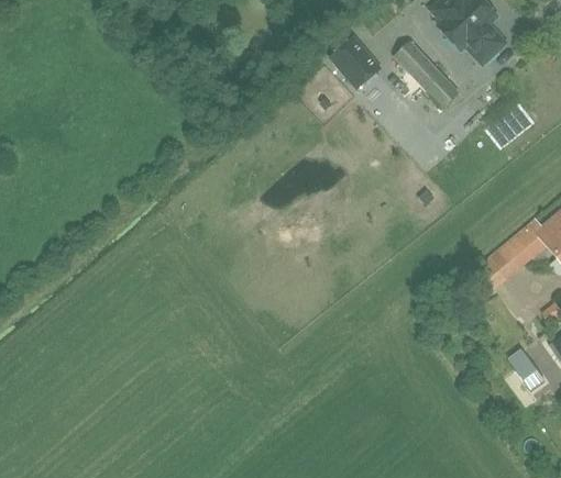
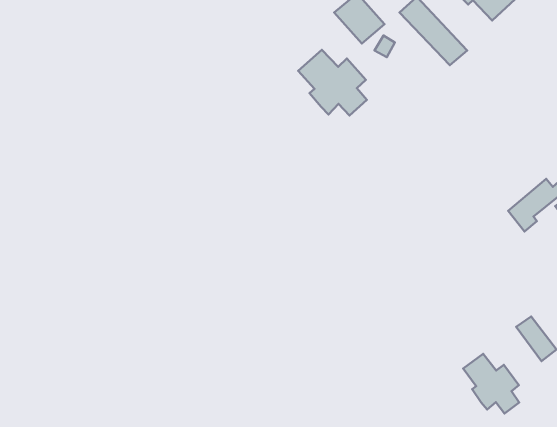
building: none -> [298,50,367,116]
building: none -> [463,354,519,414]

